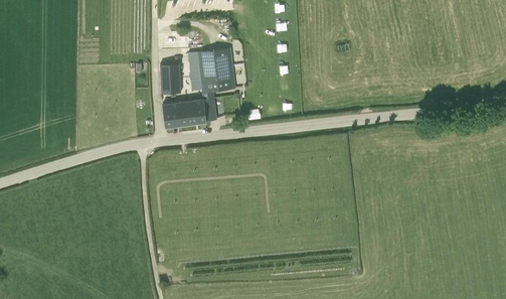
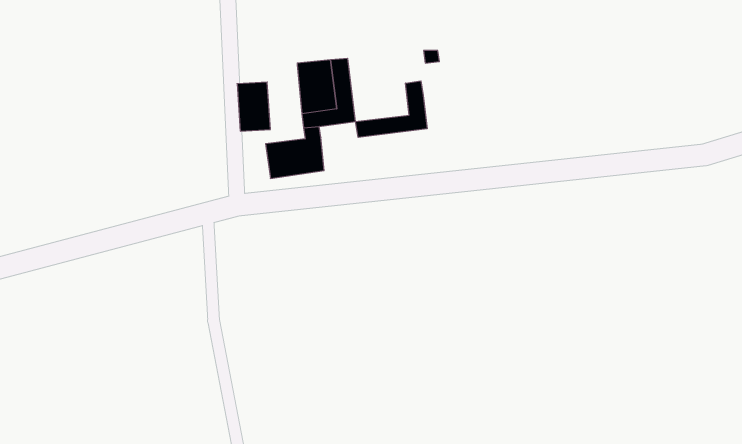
building: none -> [356,81,427,137]
building: [161,103,180,127] -> none

